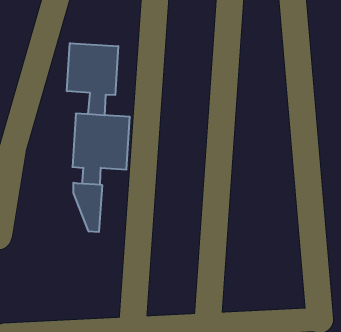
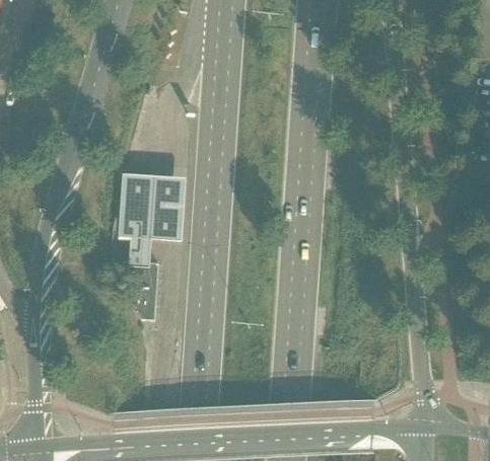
building: [67,43,118,115] -> none

